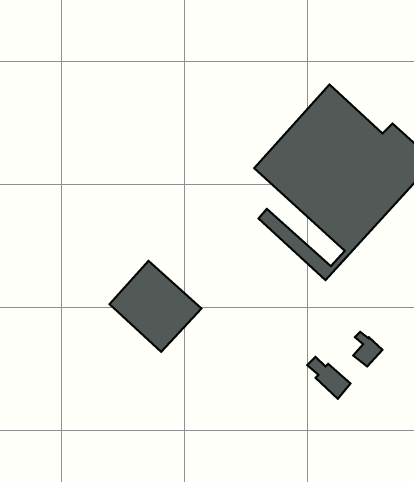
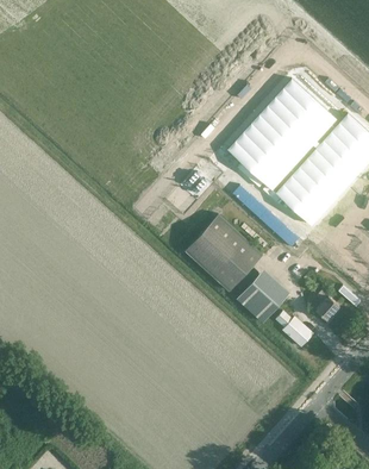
building: [109,261,202,352] -> [185,213,263,290]
building: none -> [237,274,284,323]

